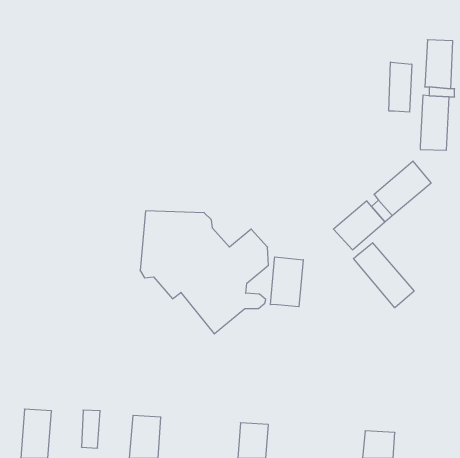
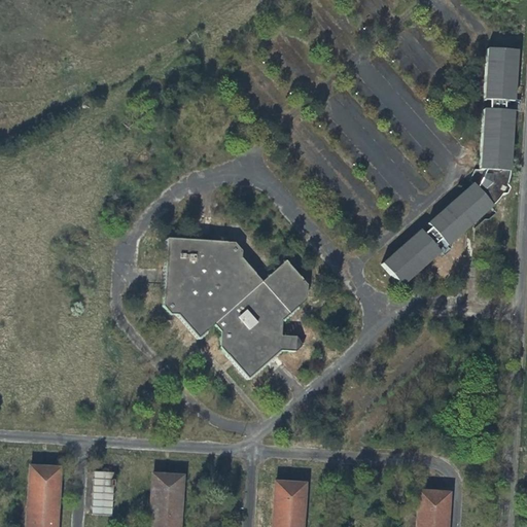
building: [389,62,412,112] -> none
building: none -> [470,167,511,208]
building: [353,243,414,308] -> none
building: [270,257,303,307] -> none

